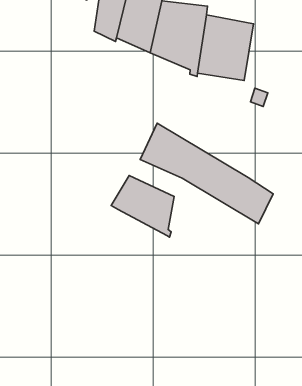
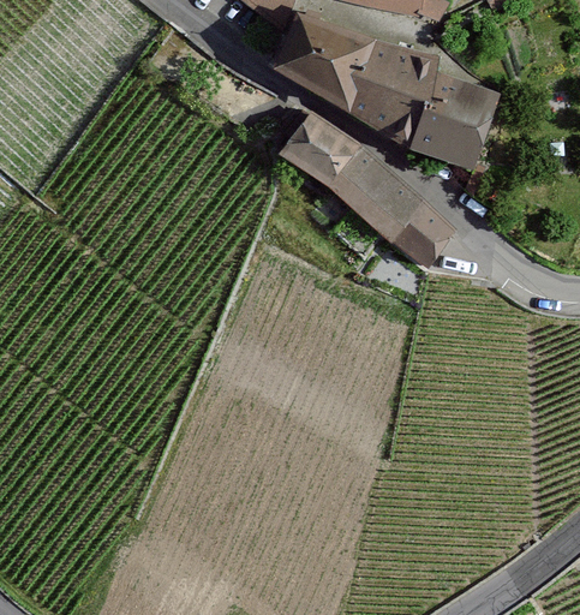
building: [140,123,273,224] -> [279,107,456,271]
building: [111,175,174,237] -> none

